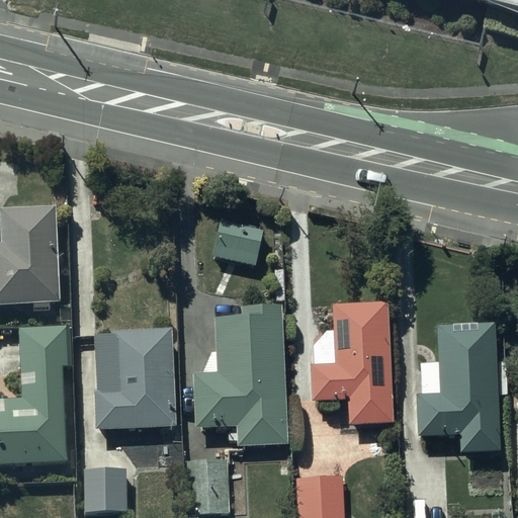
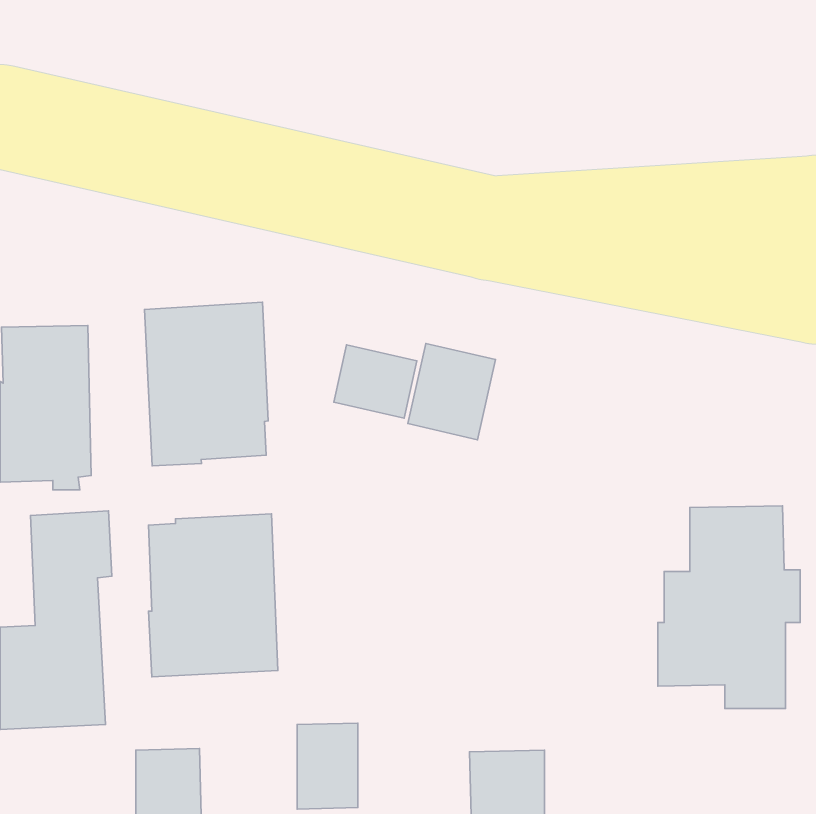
building: none -> [145,302,268,466]
building: none -> [408,344,496,440]
building: [310,301,394,425] -> none
building: [193,305,287,446] -> none

